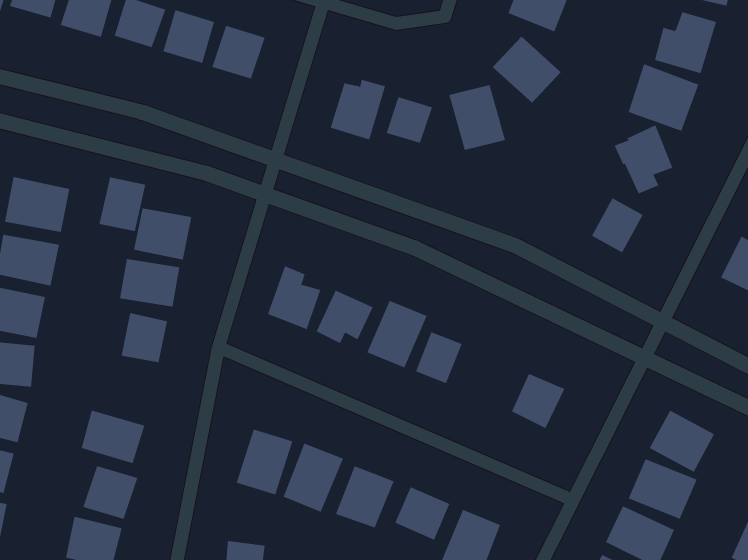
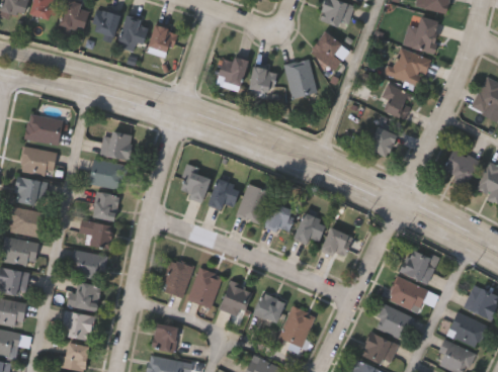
building: [99,177,146,232] -> none
building: none -> [294,213,325,248]
building: none -> [78,221,113,249]

